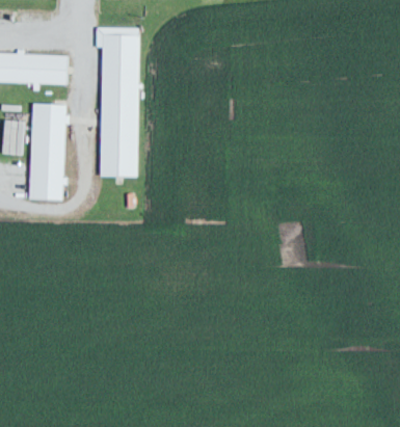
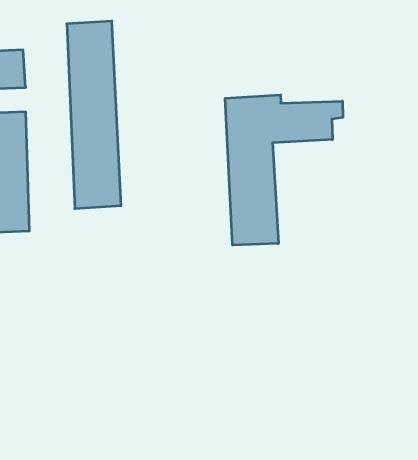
building: none -> [225,95,343,245]

